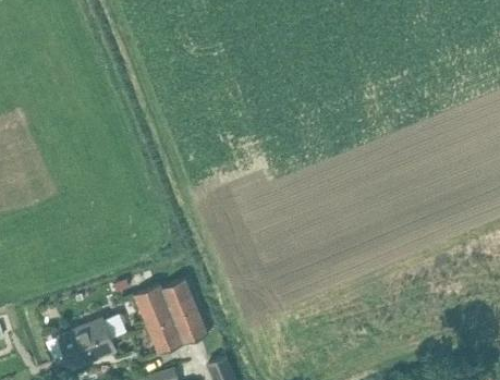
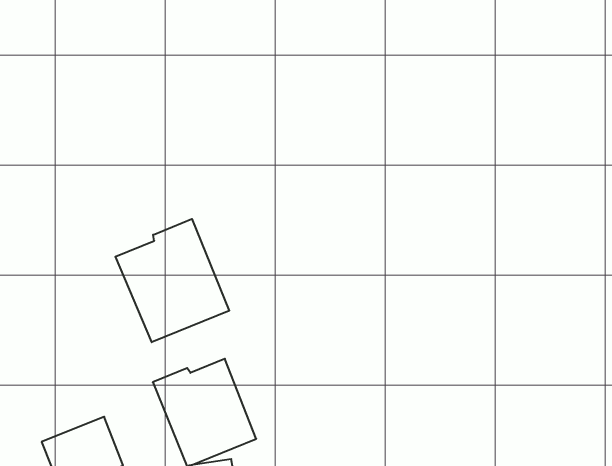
building: none -> [115,219,229,342]

